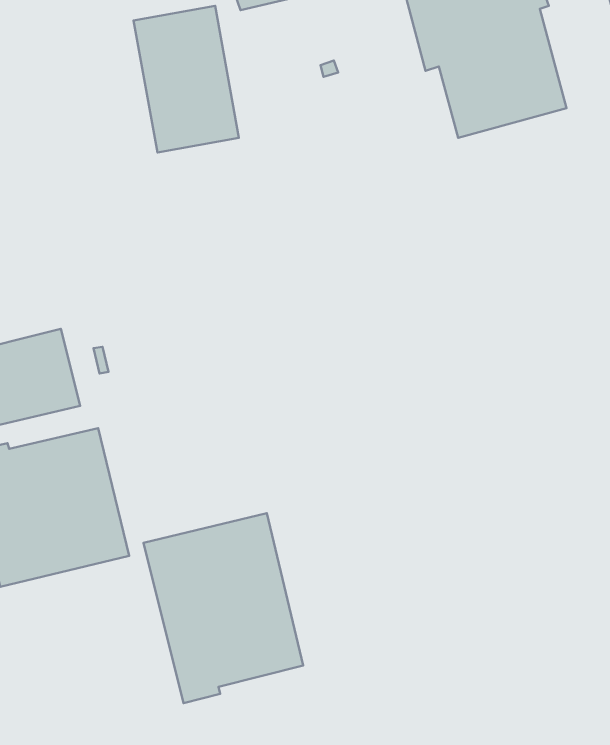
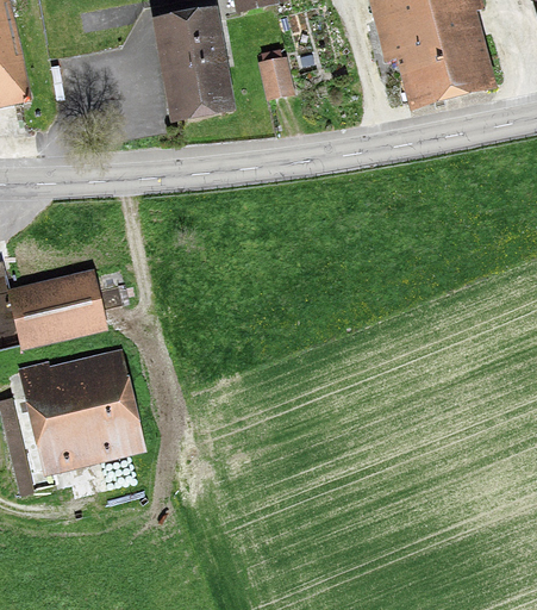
building: none -> [258,48,294,100]
building: [143,513,303,703] -> none

